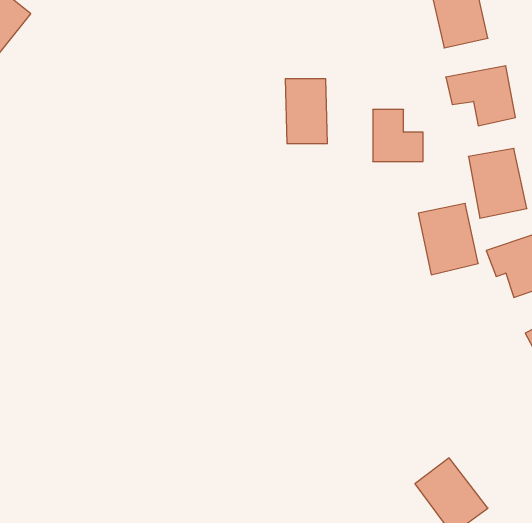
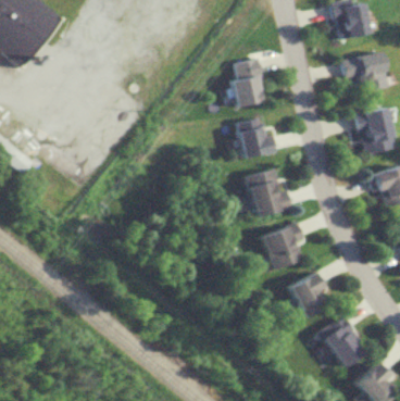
building: [373,110,423,161] -> [240,121,274,155]
building: [418,203,478,275] -> [247,168,287,216]
building: none -> [262,223,303,270]
building: none -> [289,272,327,317]

